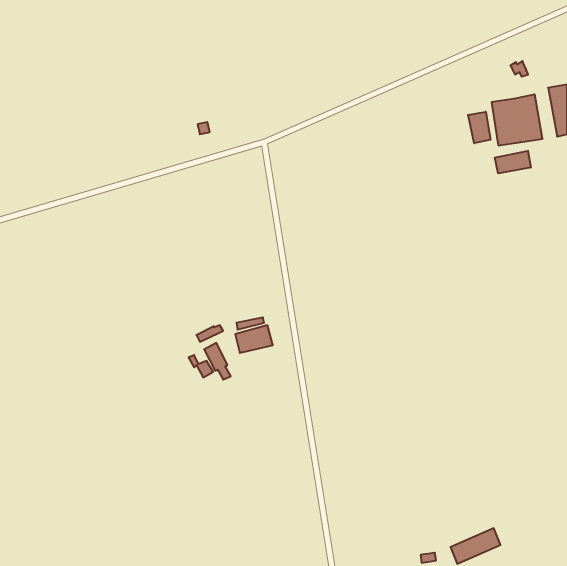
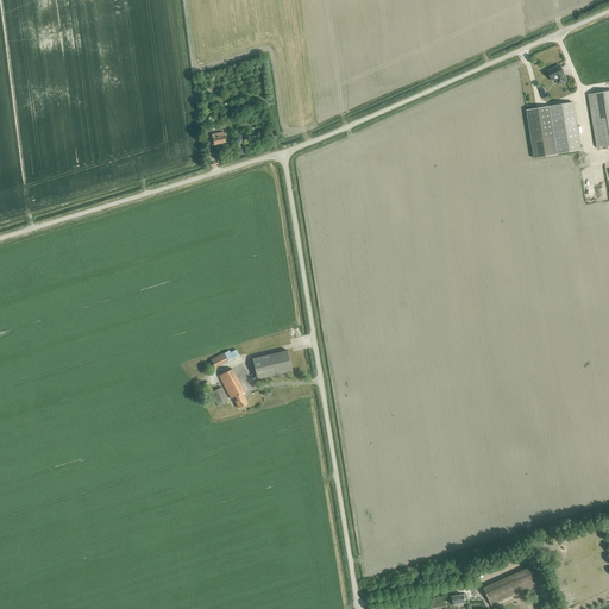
building: [468,112,491,143] -> none
building: [495,151,531,173] -> none

